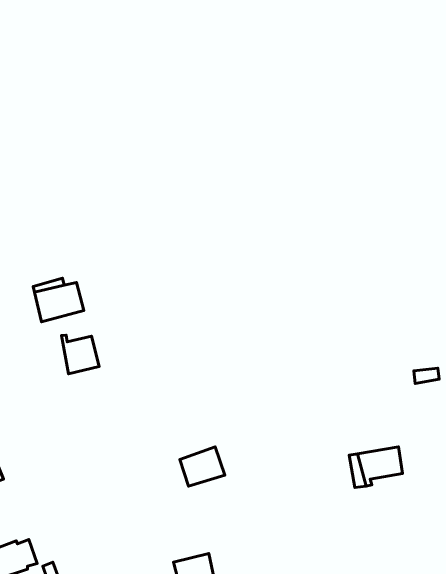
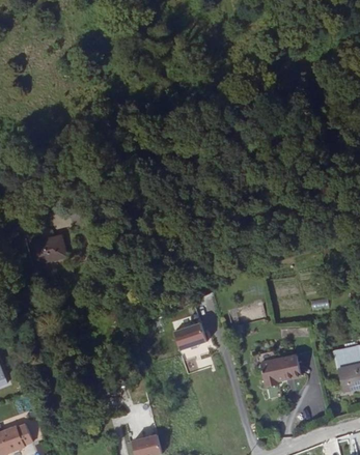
building: [62,335,99,374] -> none
building: [180,447,225,486] -> [174,322,207,351]

